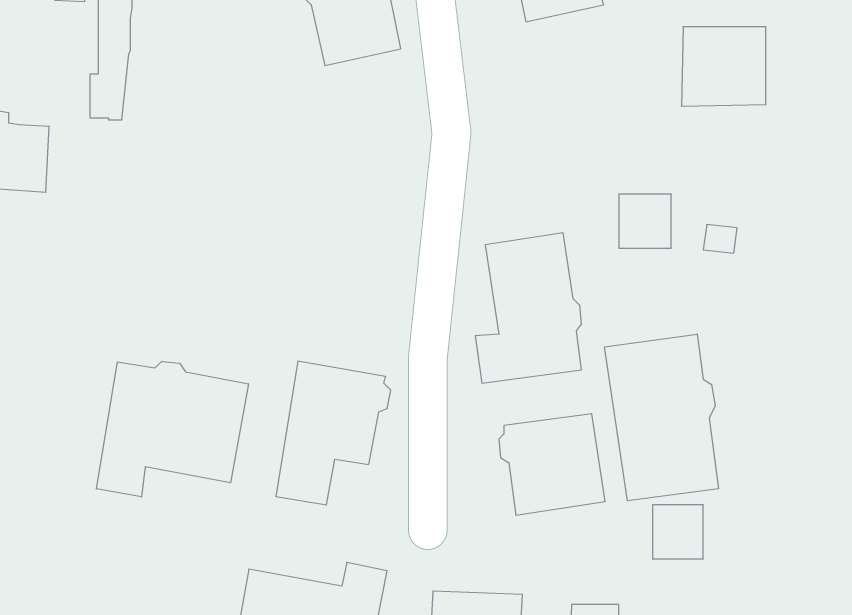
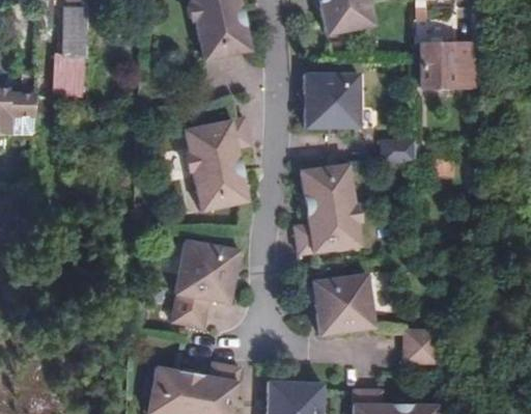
building: none -> [304,73,360,128]
building: none -> [184,117,251,212]
building: [604,334,719,501] -> none
building: [96,361,248,497] -> none

